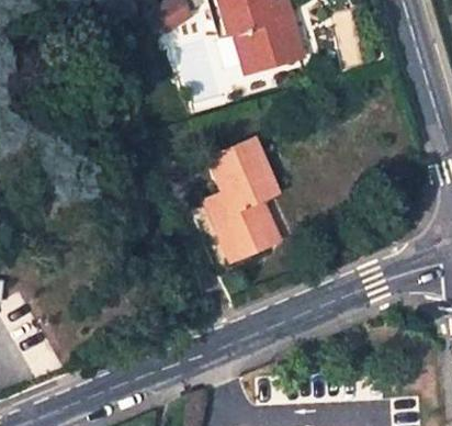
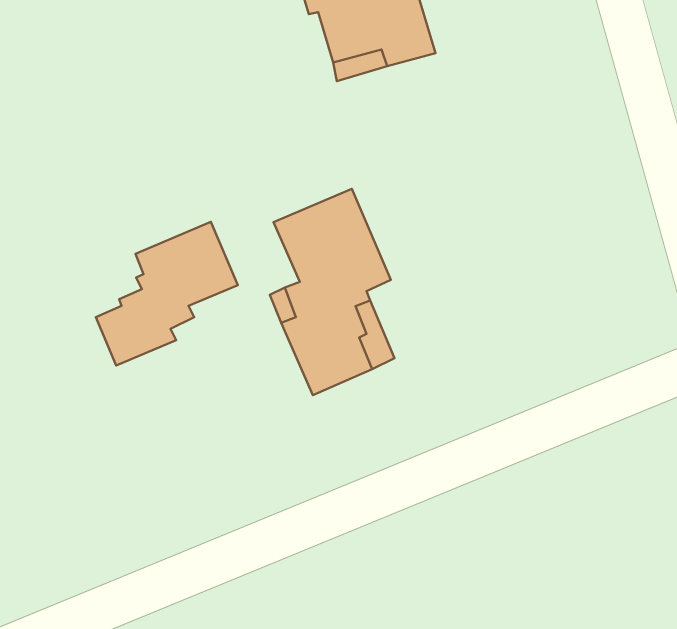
building: none -> [96,222,238,366]

